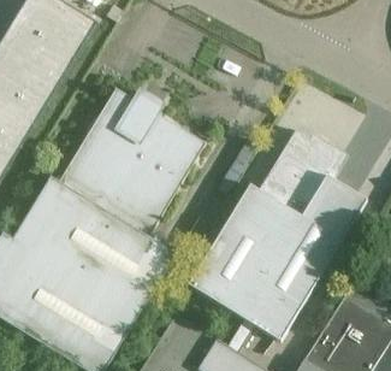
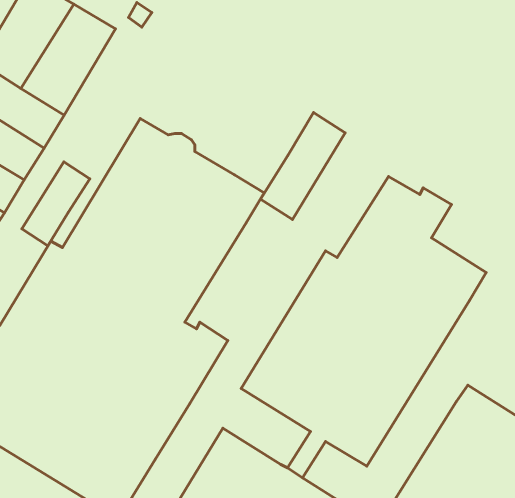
building: none -> [261,113,345,219]
building: none -> [22,162,90,246]

